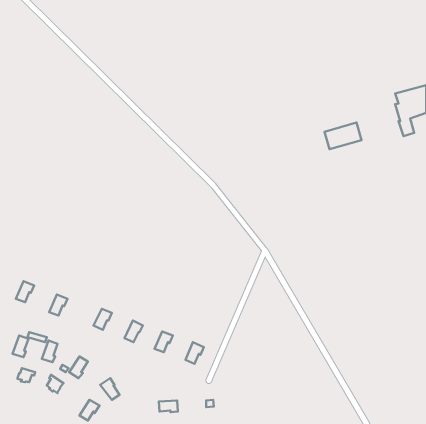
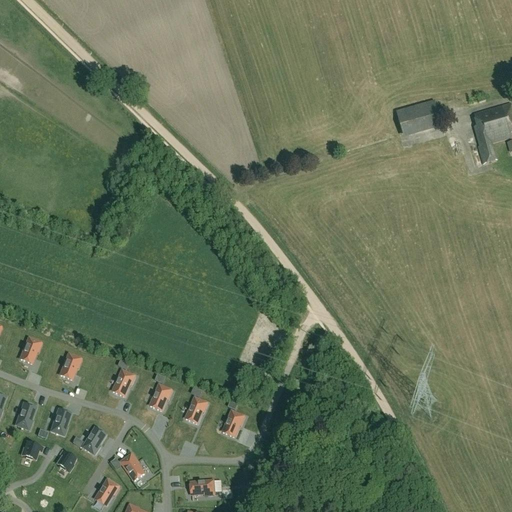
building: [325,123,361,149] -> [396,99,440,131]

